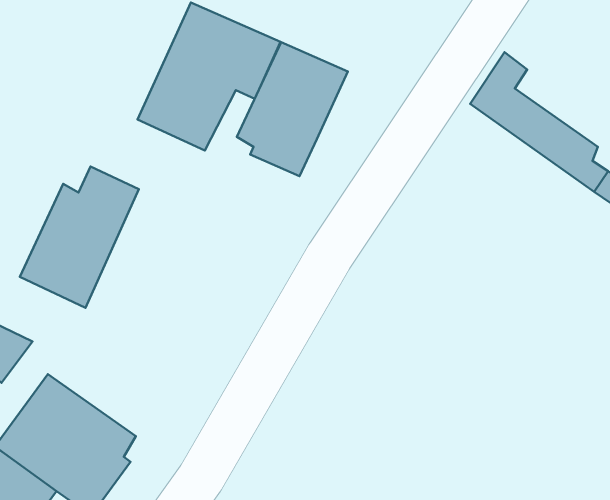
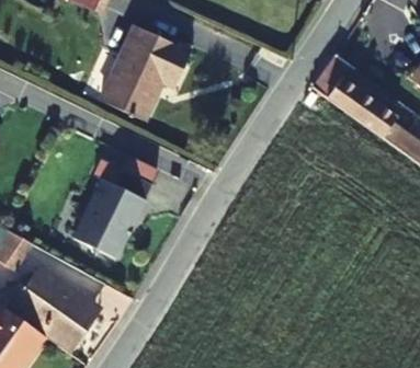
building: [237,42,348,176] -> none
building: [20,167,139,308] -> [72,169,148,258]

